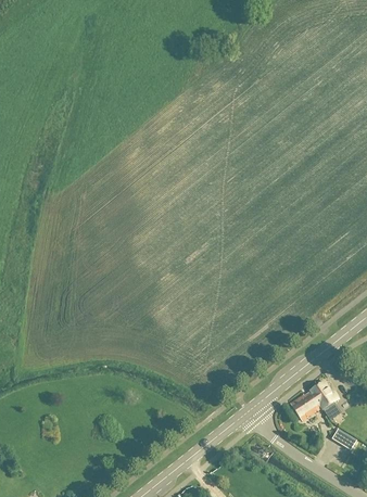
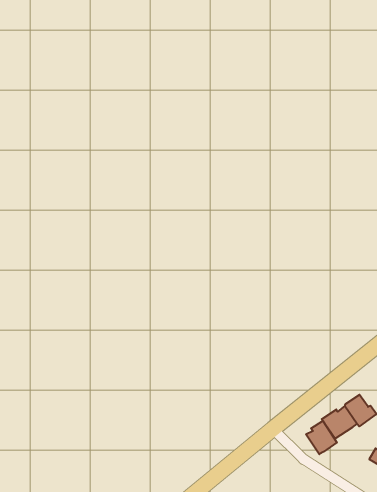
building: none -> [306,421,337,454]

